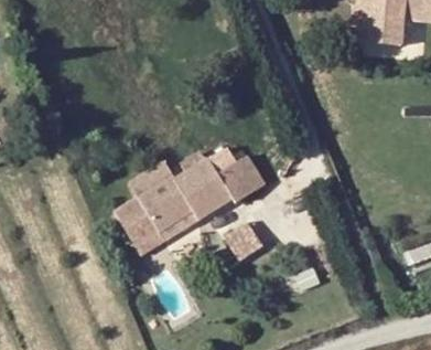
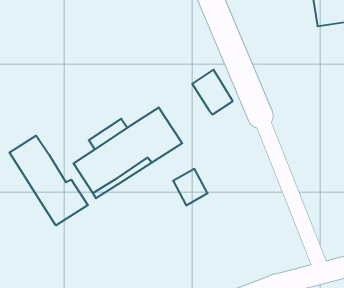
building: [211,146,255,194] -> [192,70,233,114]
building: none -> [10,136,88,225]

